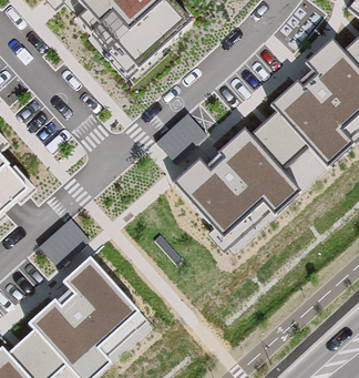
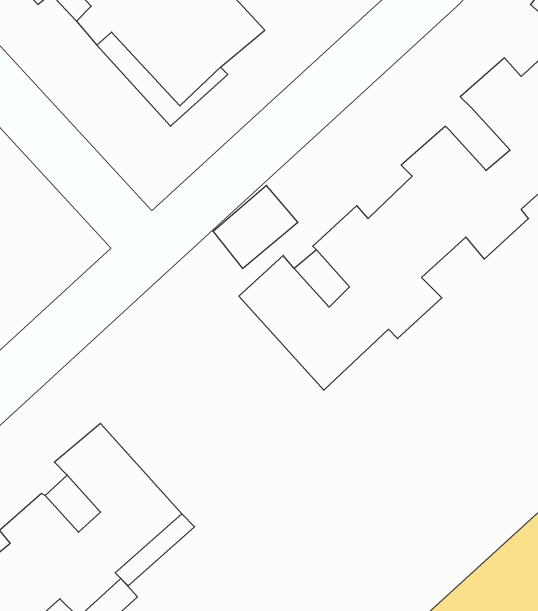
building: [41,218,89,265] -> none

